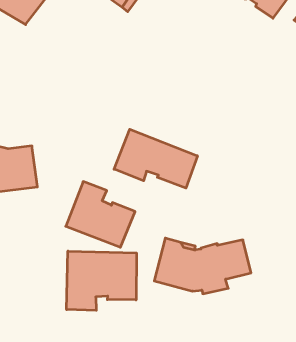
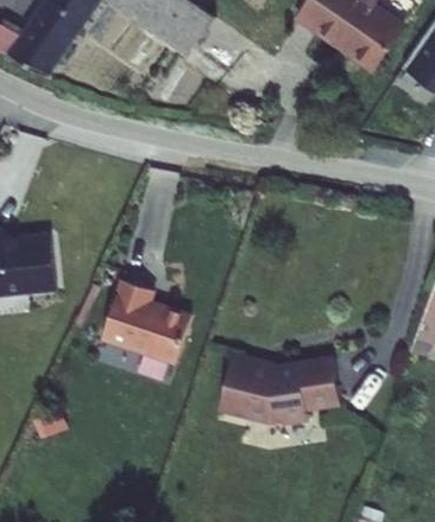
building: [114,129,197,188] -> none
building: [67,251,136,310] -> none

